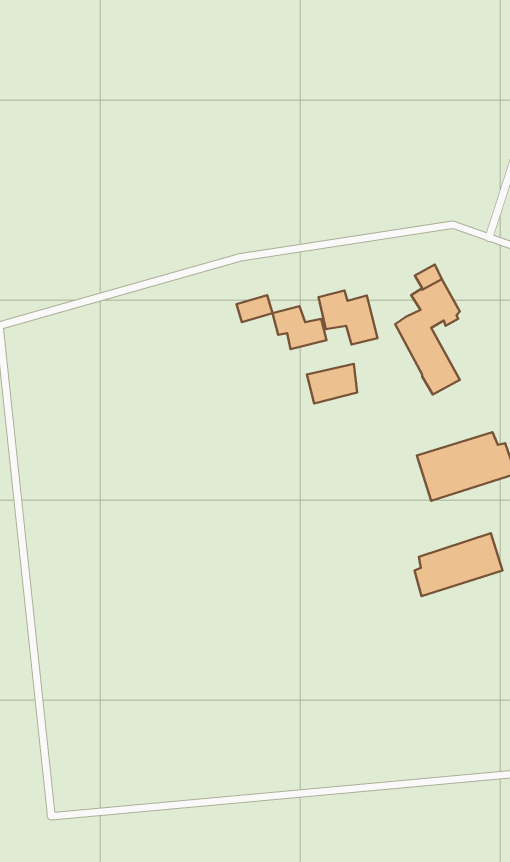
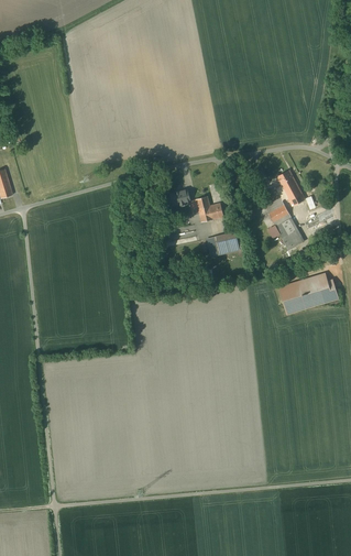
building: [318,291,377,345] -> none
building: [414,533,503,596] -> none

